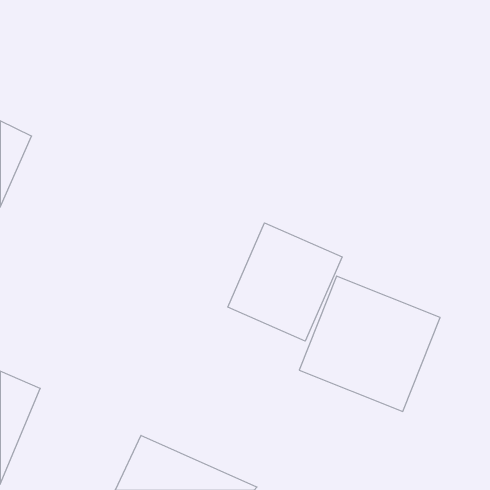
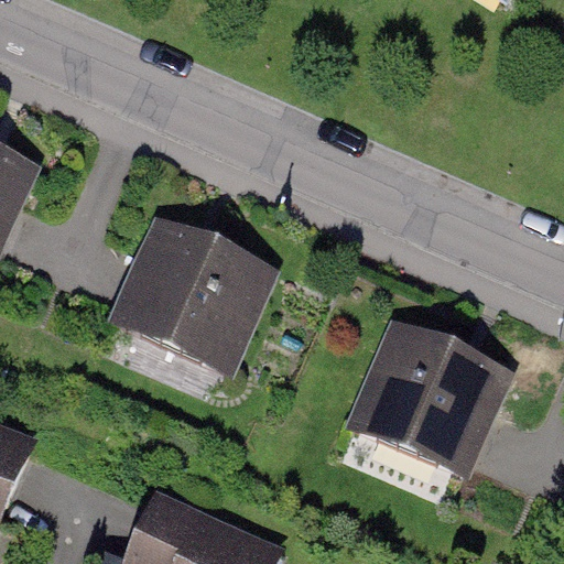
building: none -> [113,217,265,371]
building: [228,223,342,341] -> none

